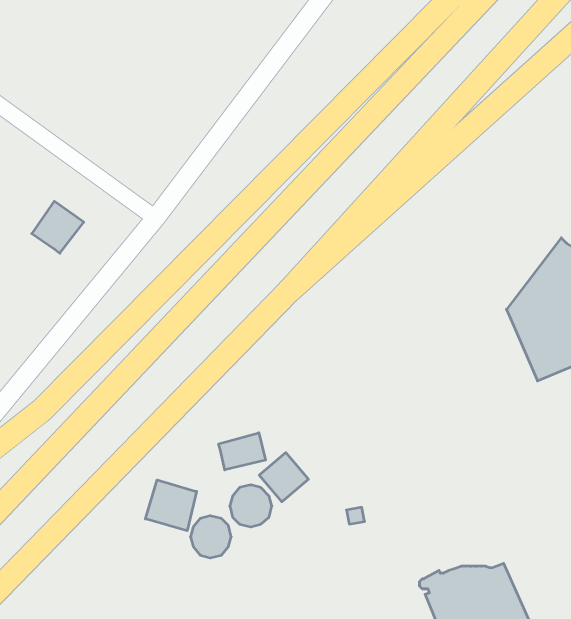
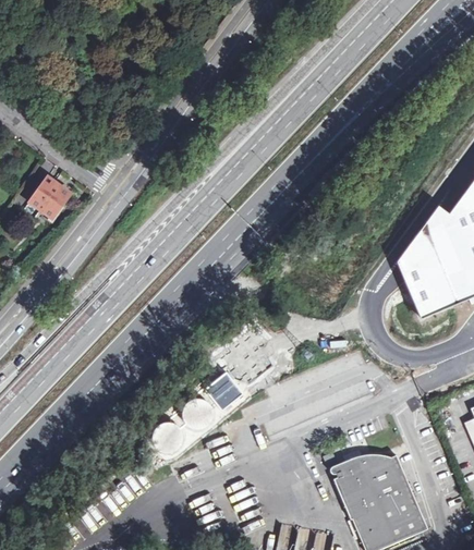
building: [219,433,266,470] -> none
building: [145,480,197,531] -> none

